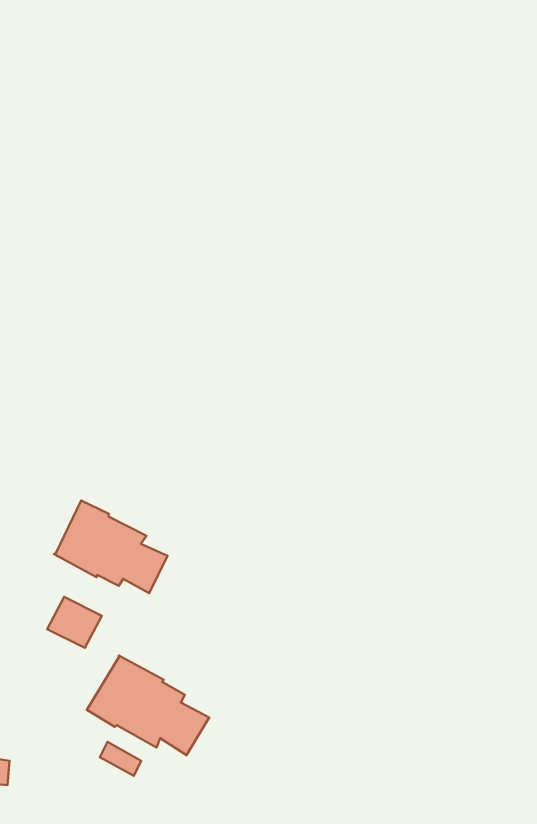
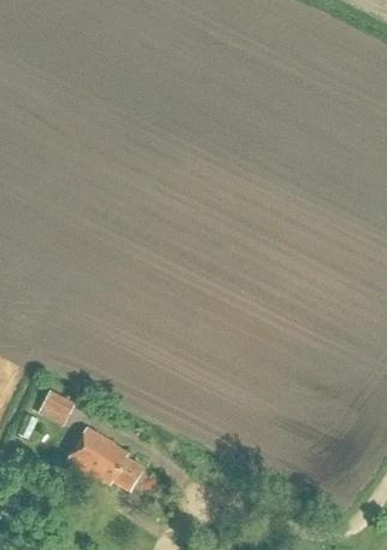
building: [54,500,168,593] -> none

